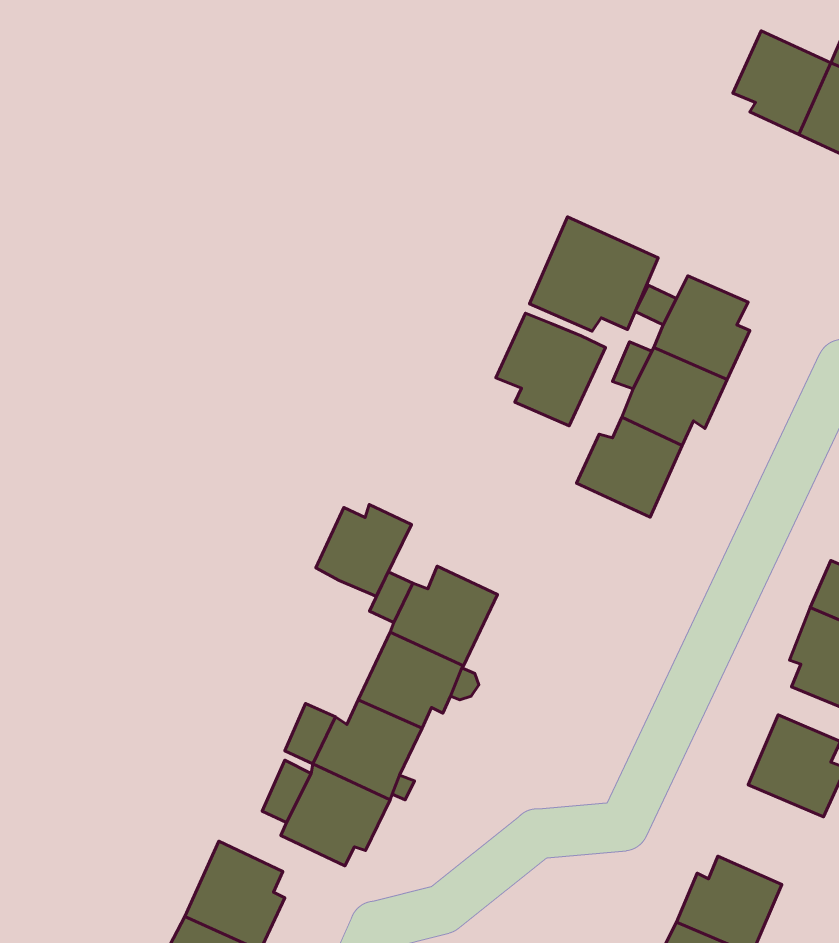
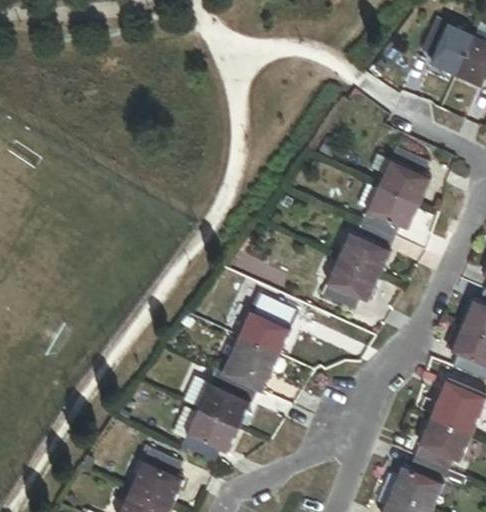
building: [530,217,658,331] -> none
building: [496,313,605,426] -> none
building: none -> [322,258,378,310]
building: [316,504,412,596] -> none
building: none -> [414,418,470,471]

